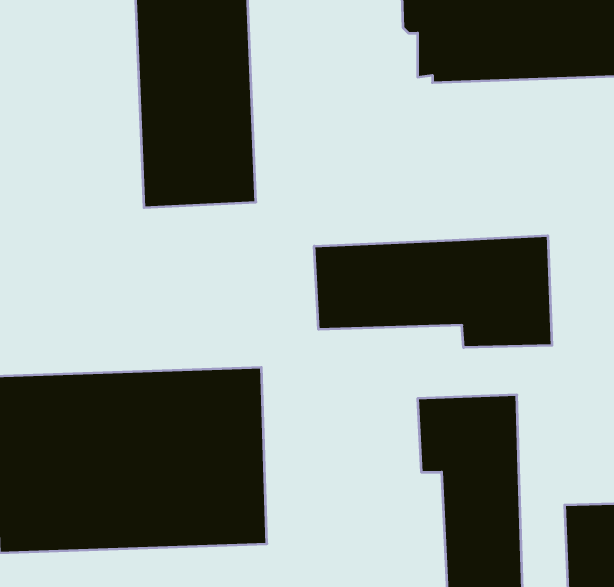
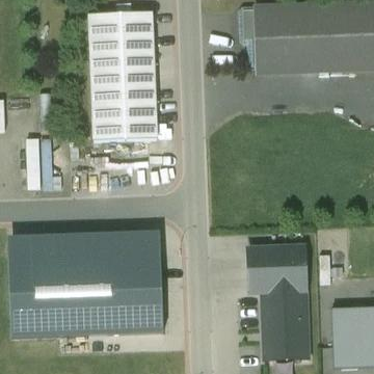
building: [314,236,552,348] -> none

